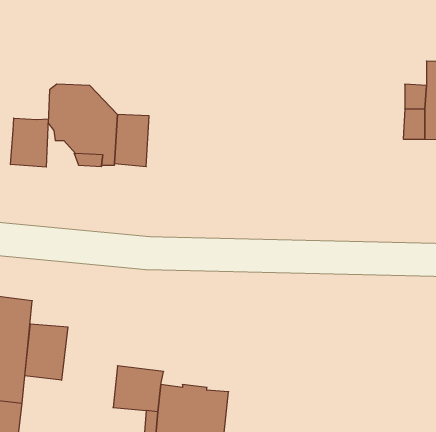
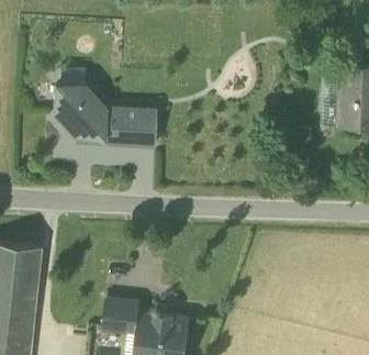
building: none -> [128,108,157,147]
building: [11,118,48,167] -> none
building: [25,324,68,380] -> none

